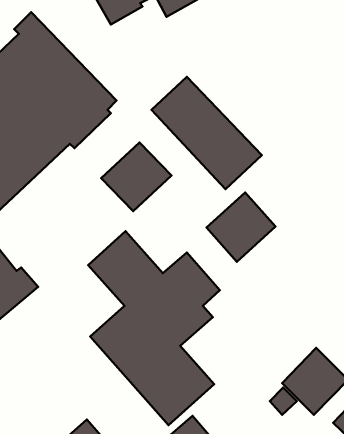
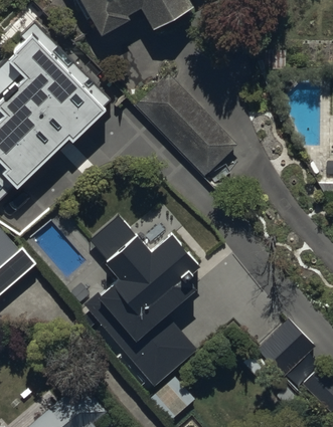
building: [101,142,171,211] -> none
building: [207,193,275,262] -> none

